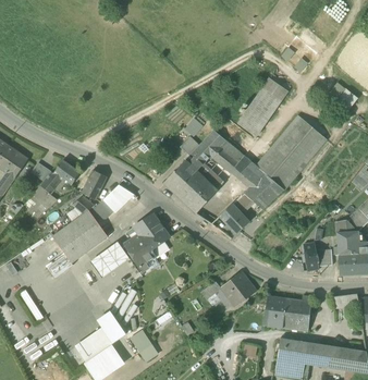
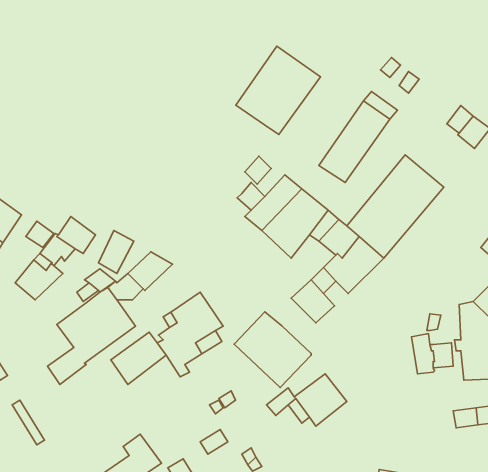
building: none -> [236,46,320,135]
building: [163,159,218,212] -> [234,312,311,387]
building: [263,295,311,331] -> none

